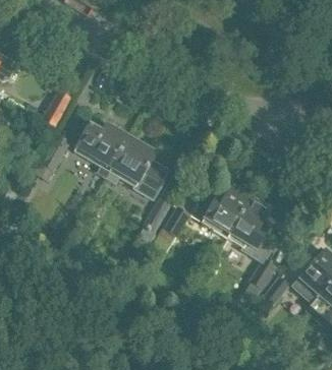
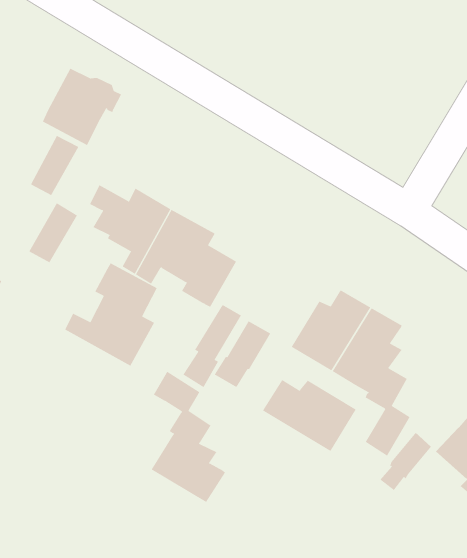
building: none -> [42,68,122,146]
building: none -> [64,263,158,366]
building: none -> [151,371,226,503]
building: none -> [262,379,357,452]

